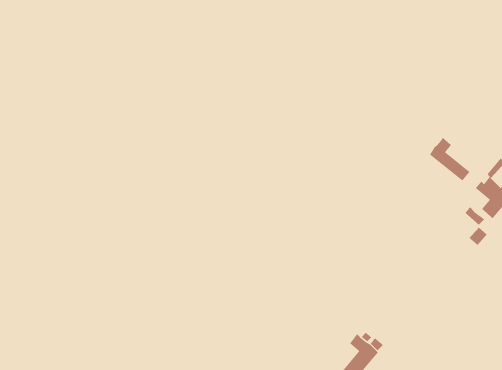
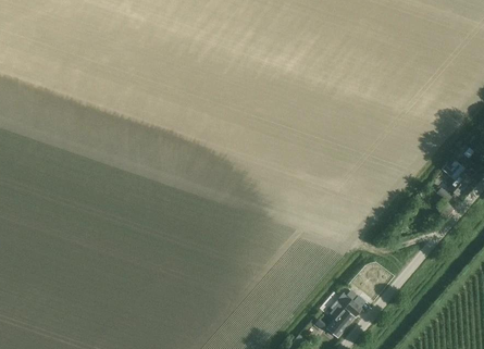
building: [429,137,471,181] -> none

